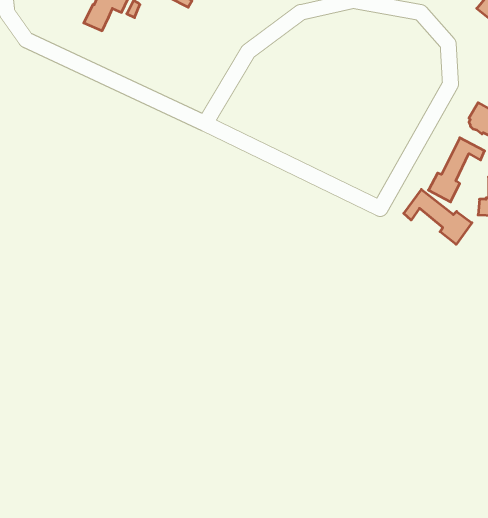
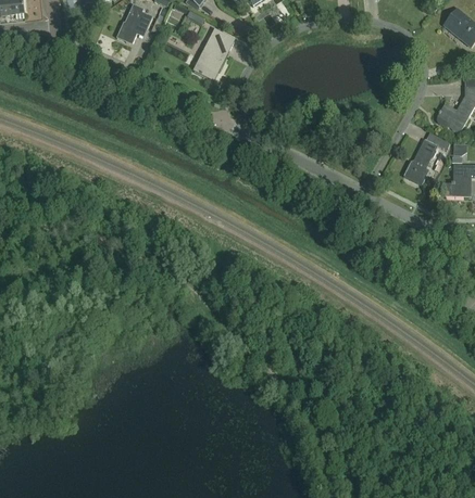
building: none -> [193,28,235,80]
building: [404,189,472,244] -> none

